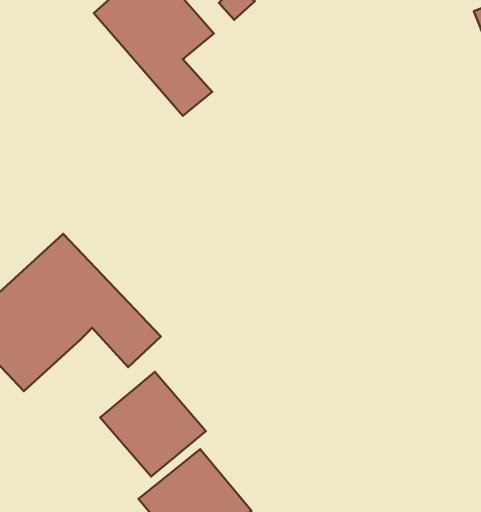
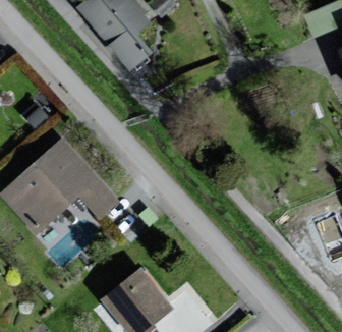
building: [100,372,206,477] -> none

